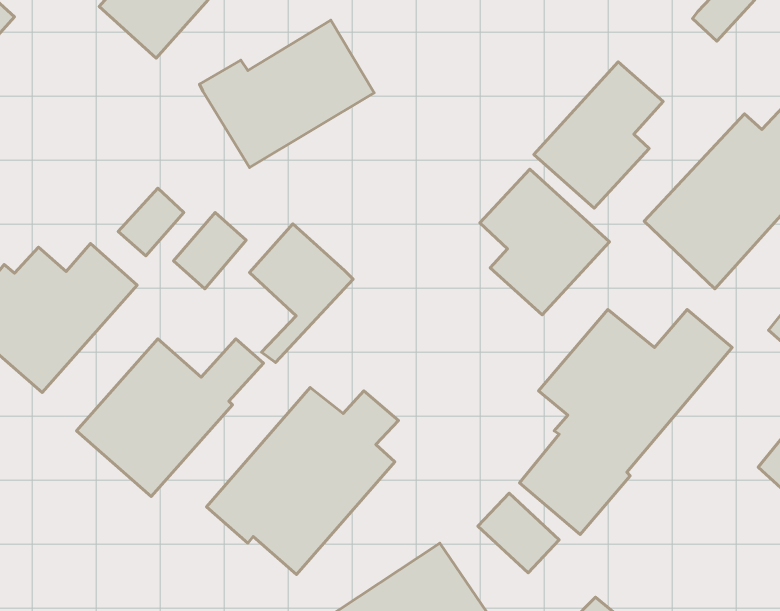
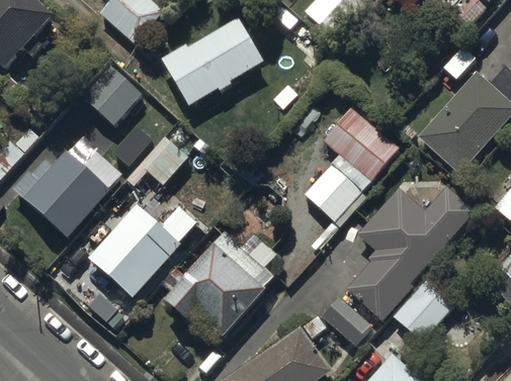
building: [534,62,663,208] -> none
building: none -> [83,60,142,117]
building: [249,224,353,362] -> [305,165,365,246]
building: none -> [394,277,455,340]

